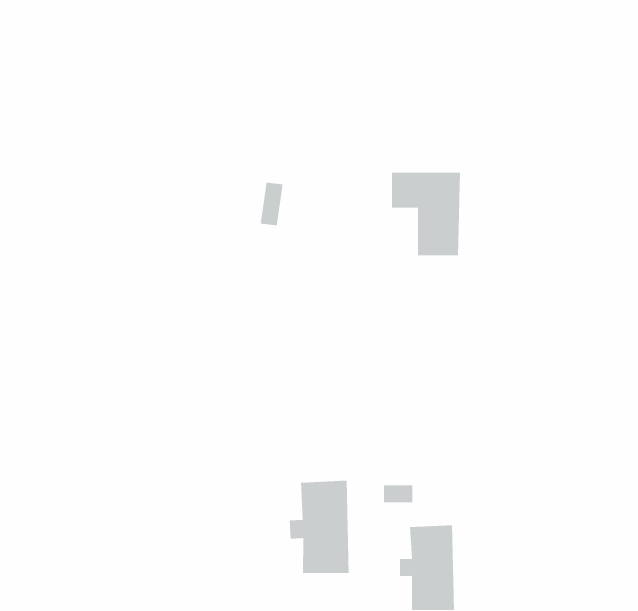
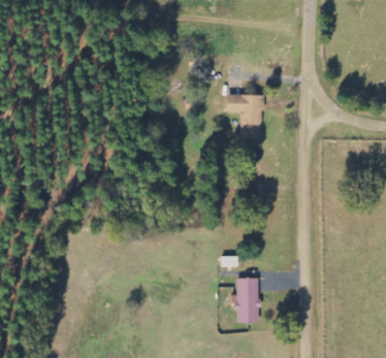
building: [289,480,349,574] -> none

